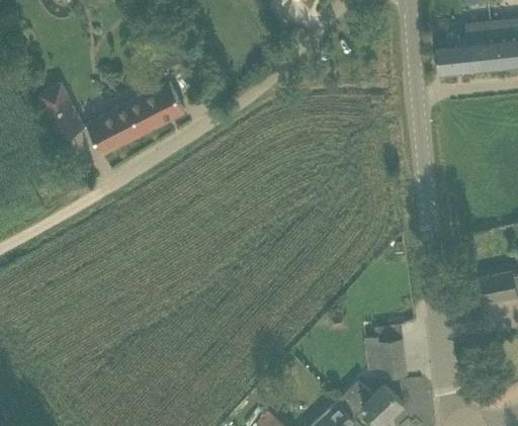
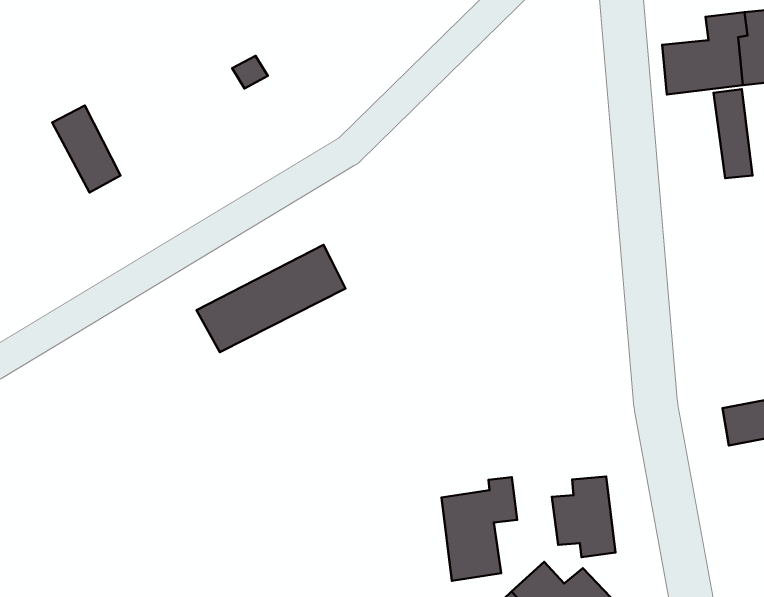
building: none -> [714,89,752,178]
building: [88,85,185,155] -> [196,245,345,352]
building: none -> [442,477,517,581]

